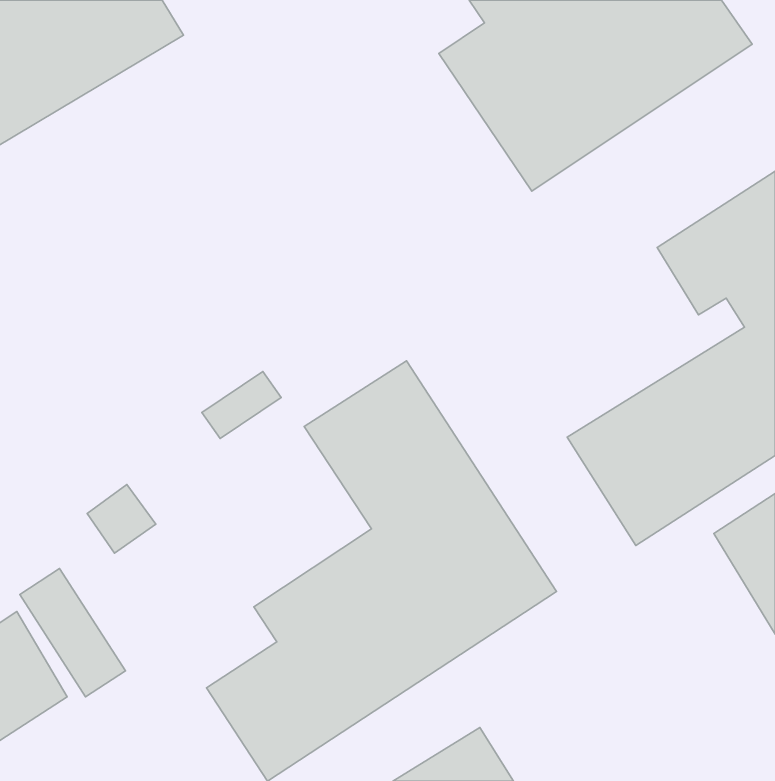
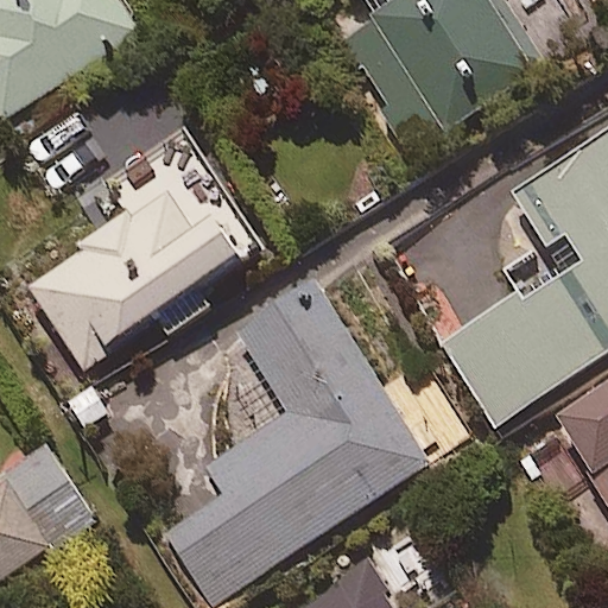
building: none -> [31,184,255,372]

